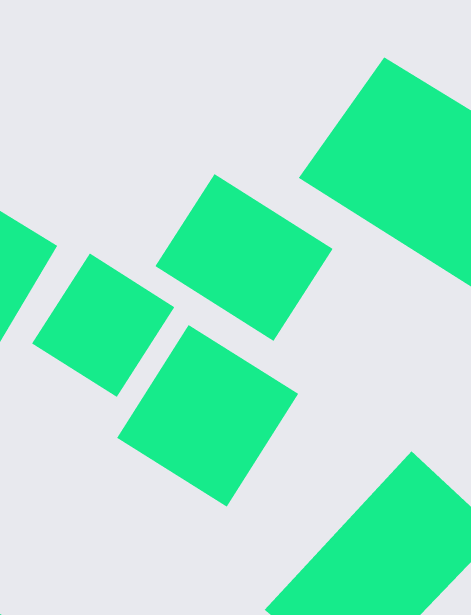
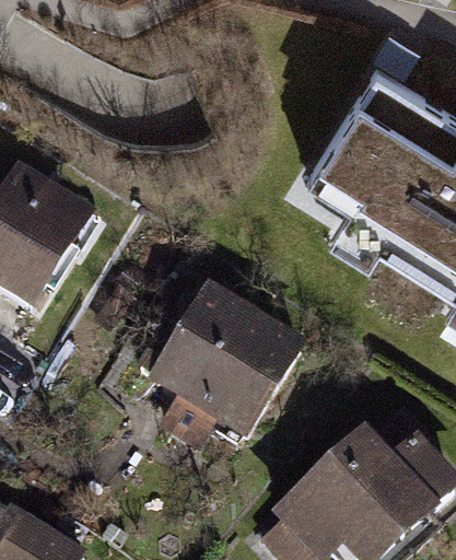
building: [154,173,333,342] -> none
building: [31,252,175,398] -> none

